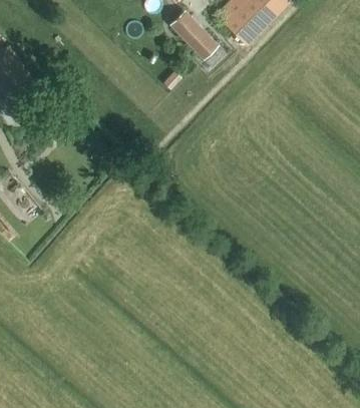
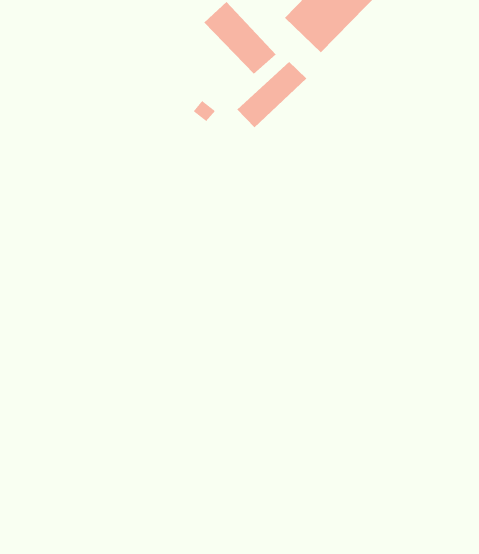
building: none -> [237,61,307,128]

